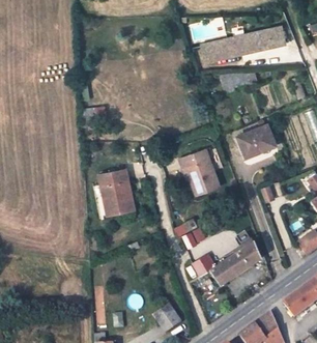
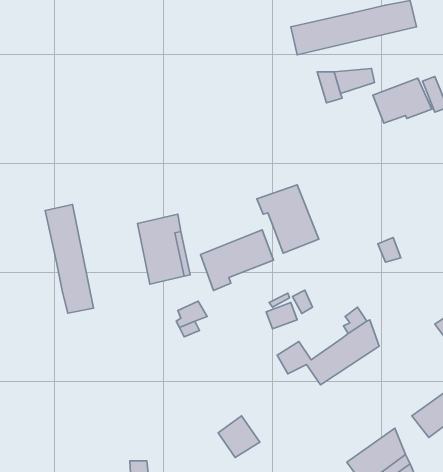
building: [236,124,276,154] -> [373,78,432,123]
building: none -> [45,205,94,313]
building: none -> [200,230,273,290]

